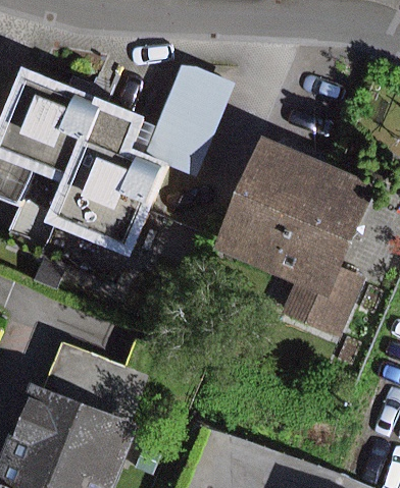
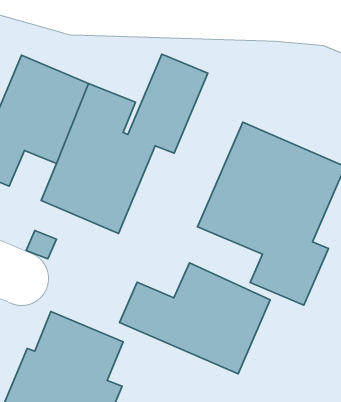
building: none -> [119,263,270,374]

